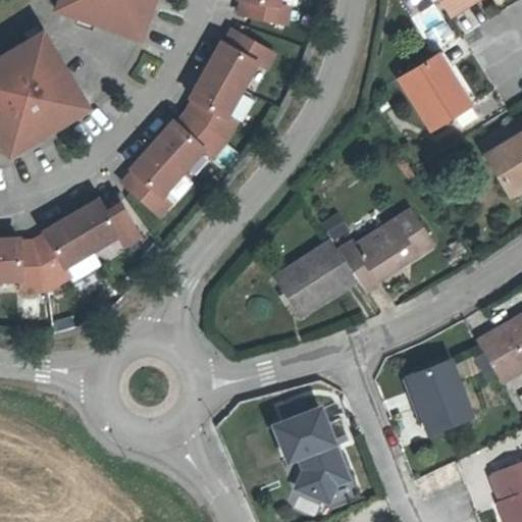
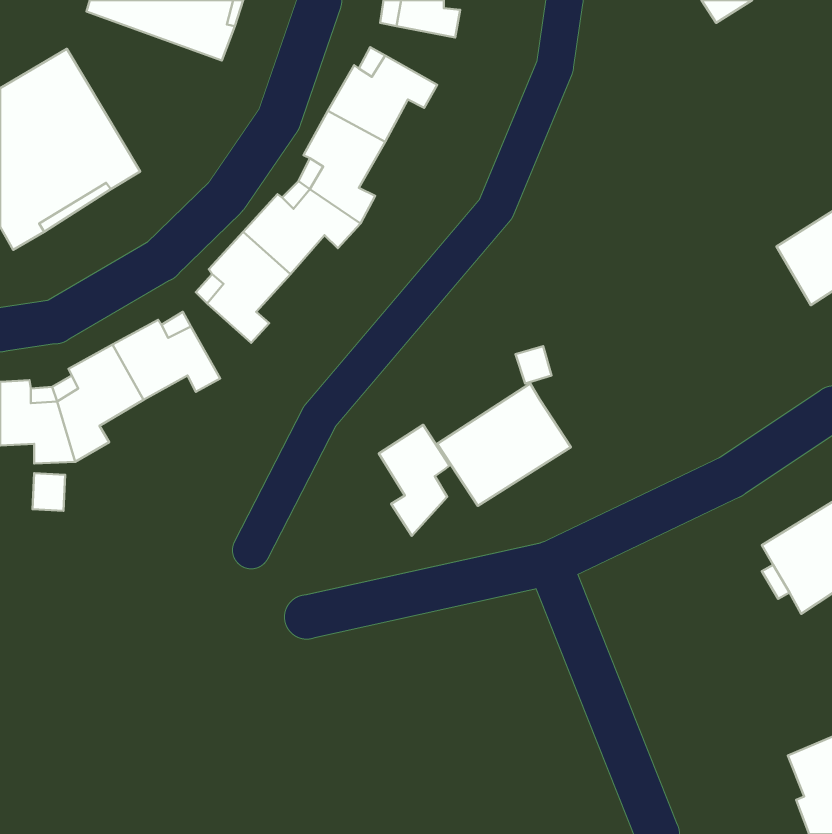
building: [400,53,470,128] -> none
building: [338,210,433,292] -> none
building: none -> [379,425,450,536]
building: [408,360,472,431] -> none
building: [270,403,353,507] -> none

